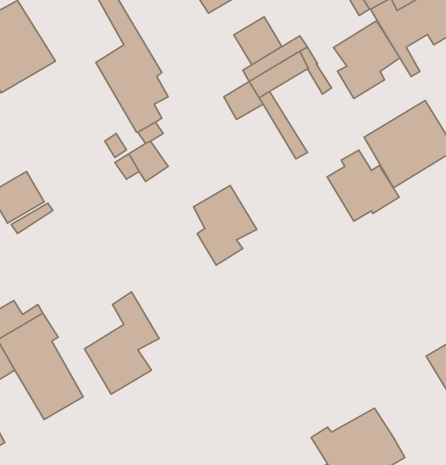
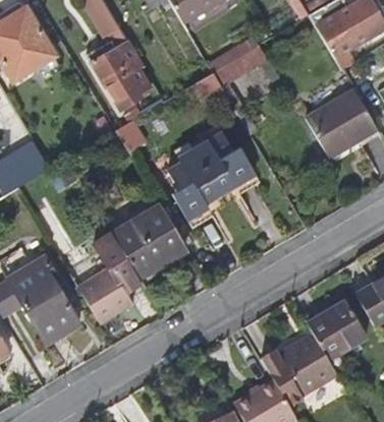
building: [234,17,282,65] -> none
building: [333,21,400,99] -> none
building: [327,150,399,221] -> [197,134,255,191]
building: none -> [113,205,185,282]
building: none -> [307,300,365,358]

